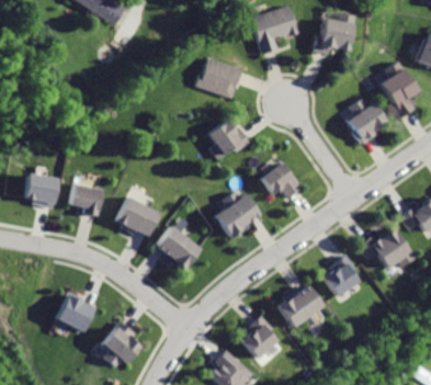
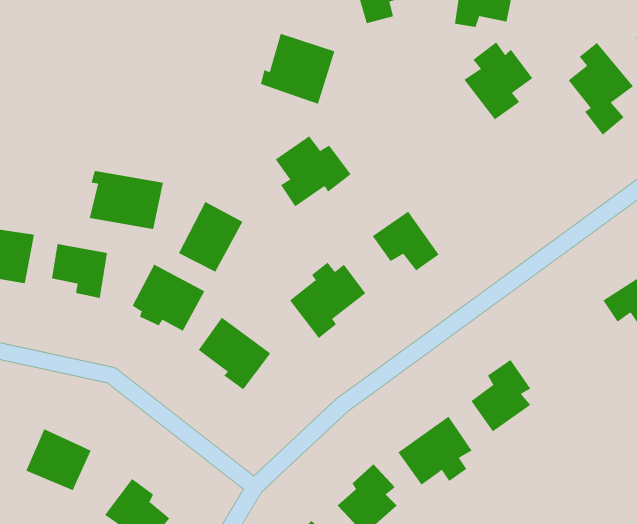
building: [343,98,385,145] -> [463,41,533,120]
building: none -> [89,170,163,230]
building: none -> [178,201,243,272]
building: [359,229,415,271] -> none

